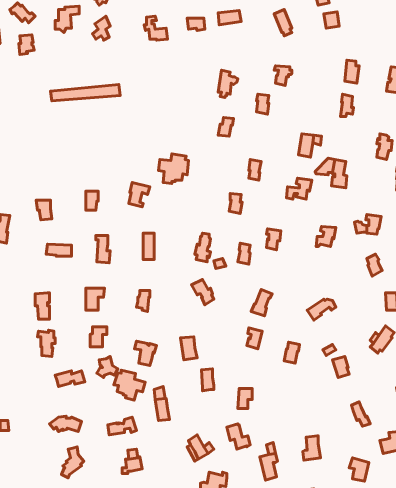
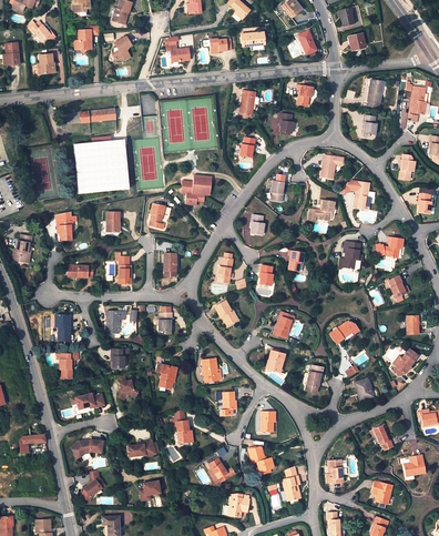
building: none -> [74,139,129,193]
building: [114,370,145,400] -> none

